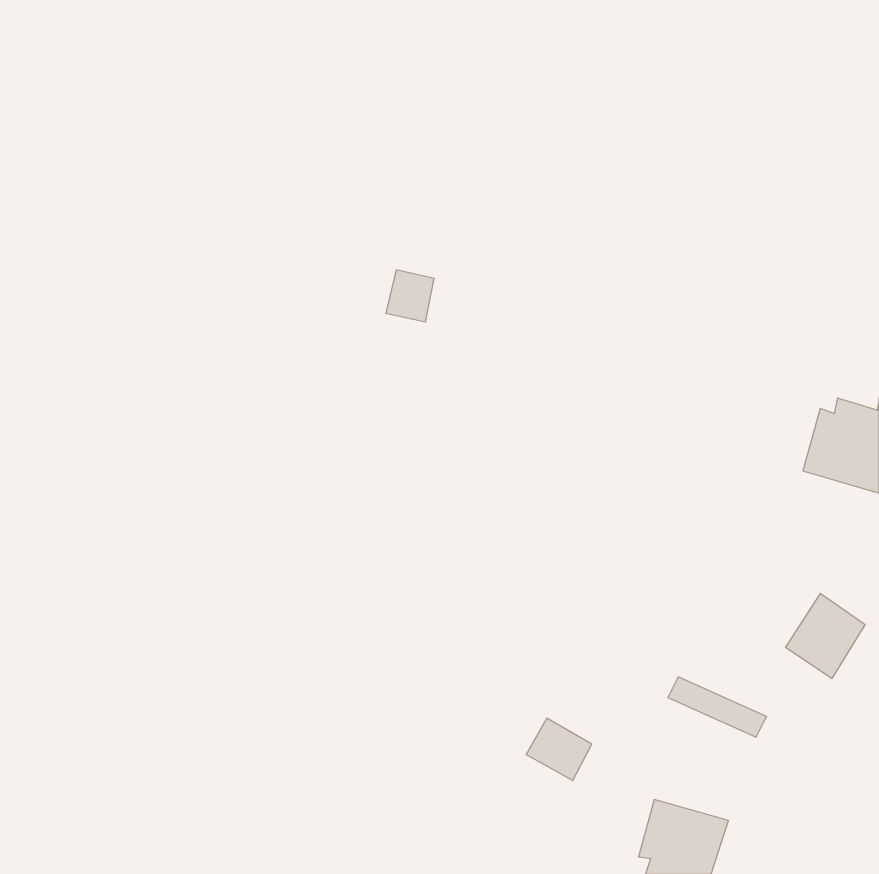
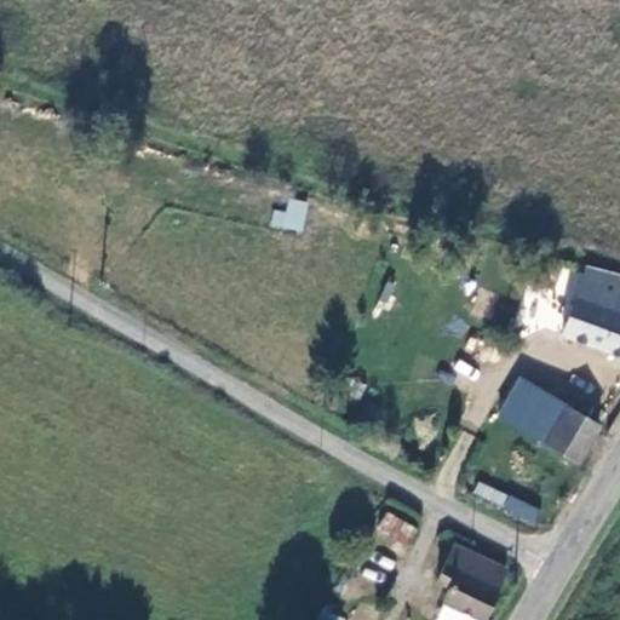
building: none -> [510,389,574,453]

